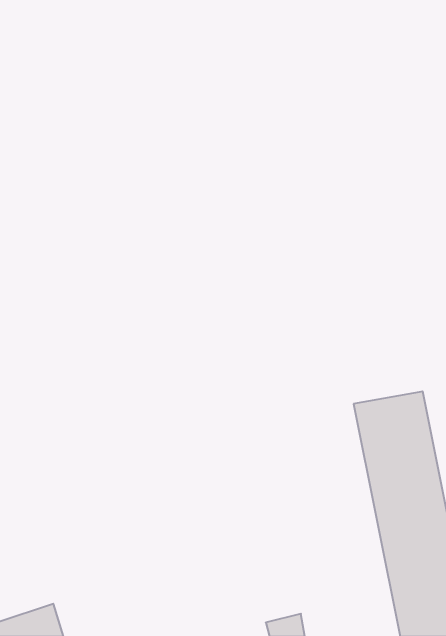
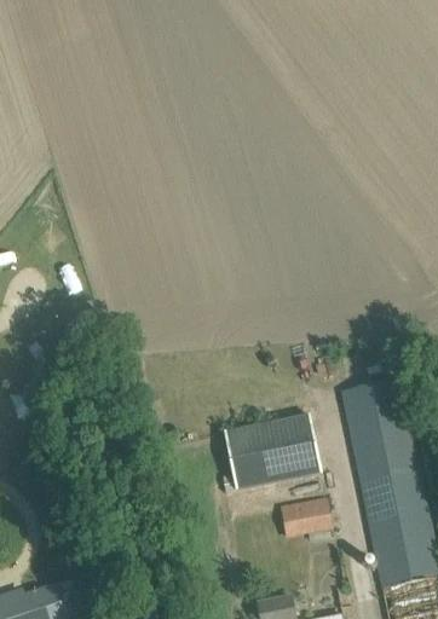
building: none -> [224,413,319,491]
building: none -> [278,490,332,537]

